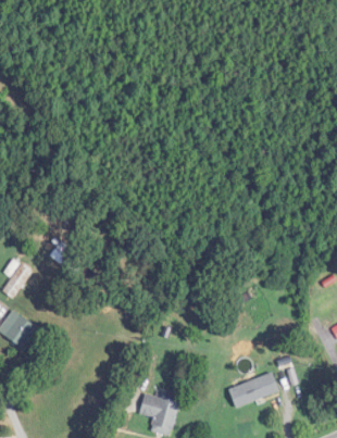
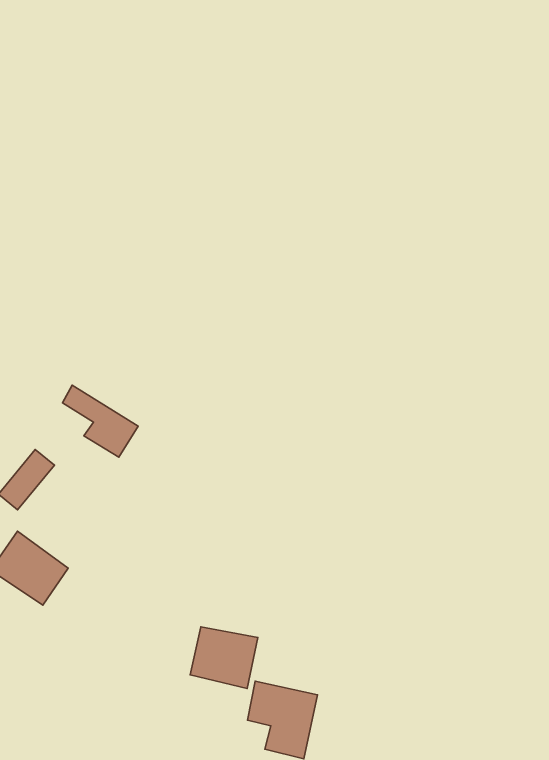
building: none -> [190,627,258,688]
building: [229,373,278,406] -> none

